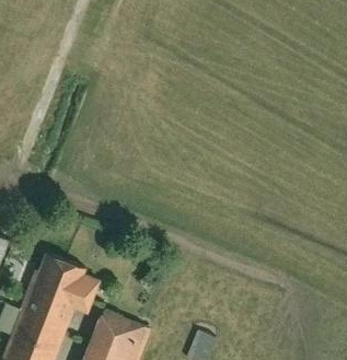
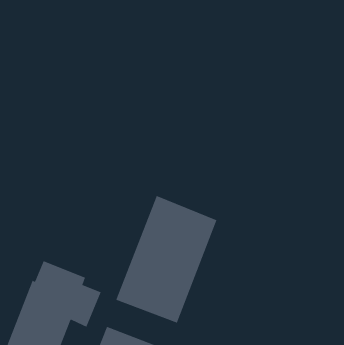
building: none -> [115,195,217,323]

